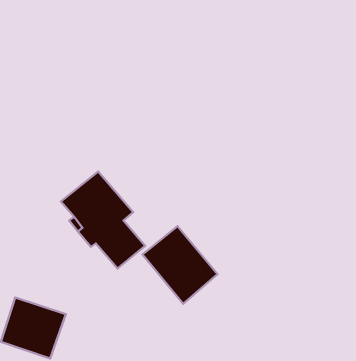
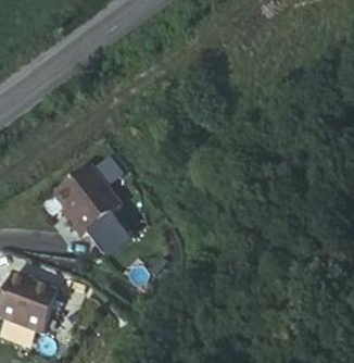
building: [142,226,218,304] -> none

